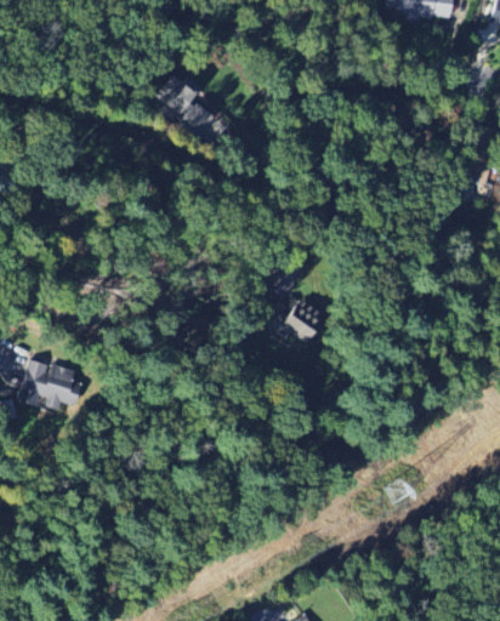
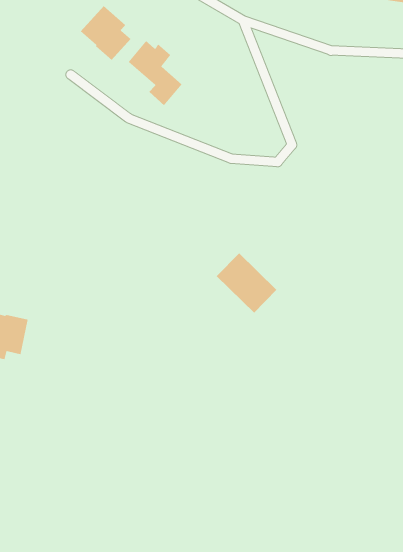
building: none -> [80,5,132,61]

